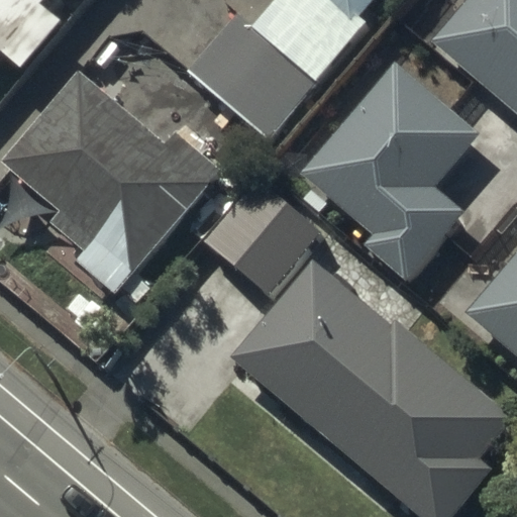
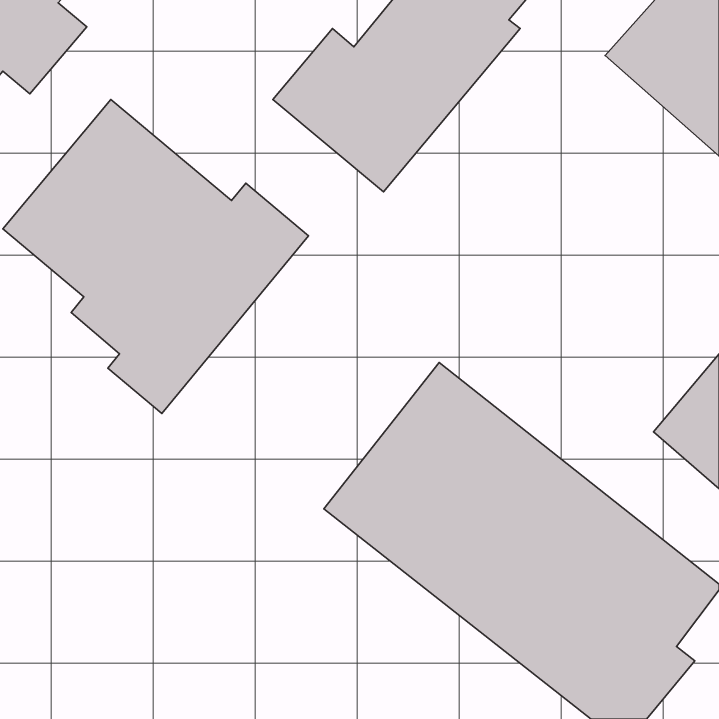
building: [301,67,476,281] -> none
building: [199,177,318,296] -> none

